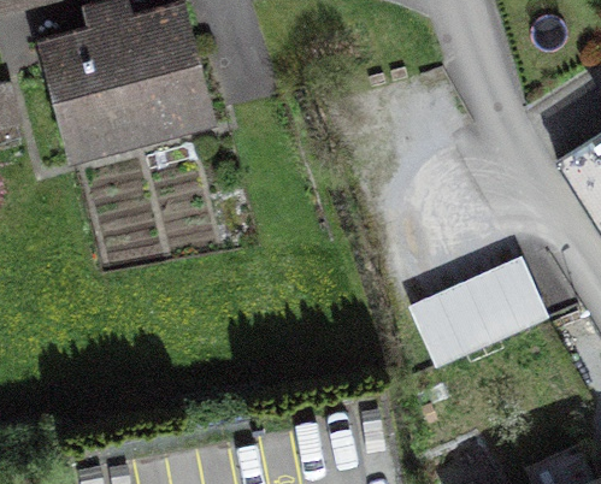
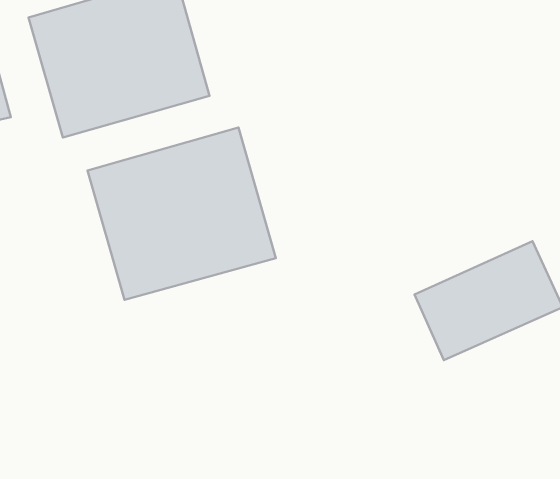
building: none -> [88,128,276,300]

